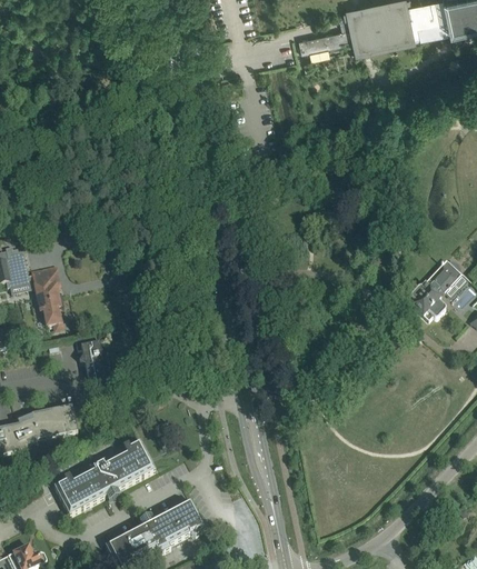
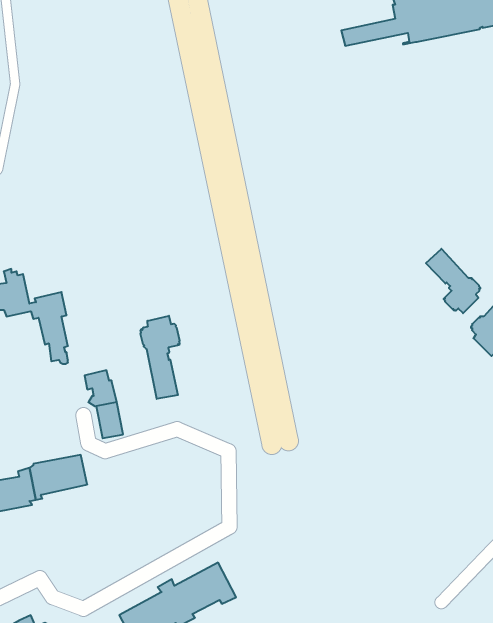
building: none -> [426,249,480,313]
building: none -> [141,316,180,399]
building: [54,440,156,515] -> none

